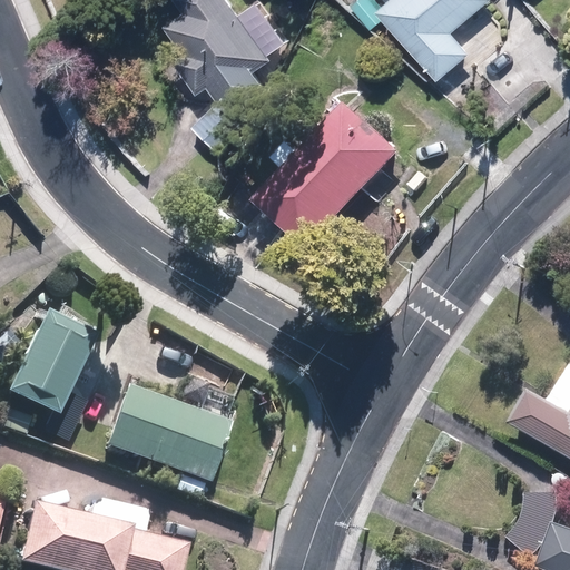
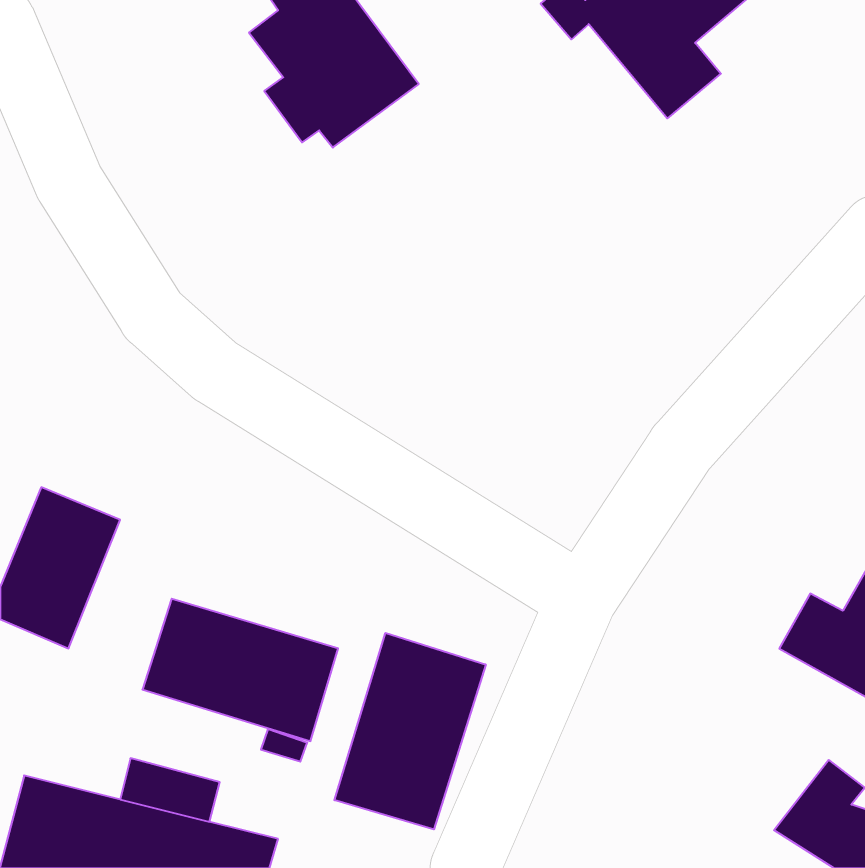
building: [257,100,405,250] -> none
building: none -> [334,633,486,829]

